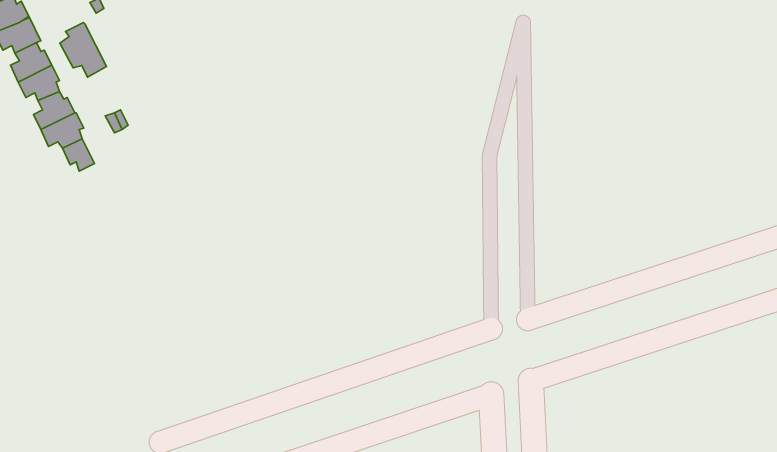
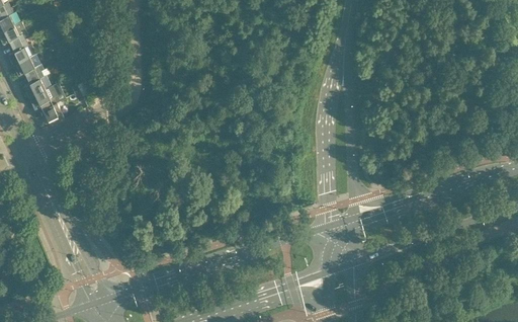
building: [60,23,106,77] -> none

